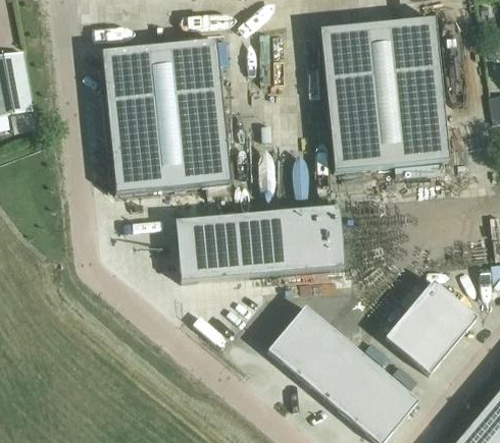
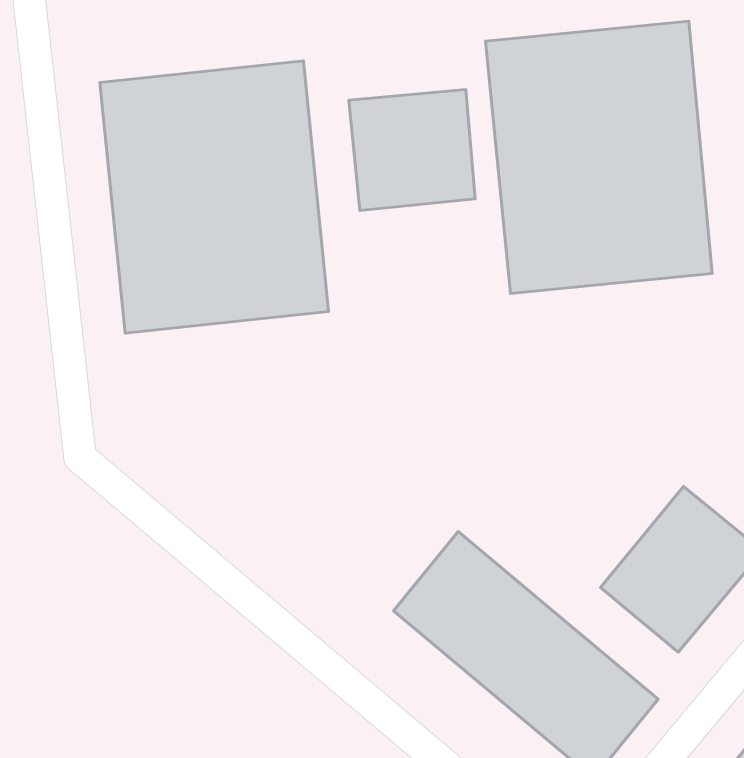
building: none -> [349,89,475,211]
building: [176,205,345,281] -> none

